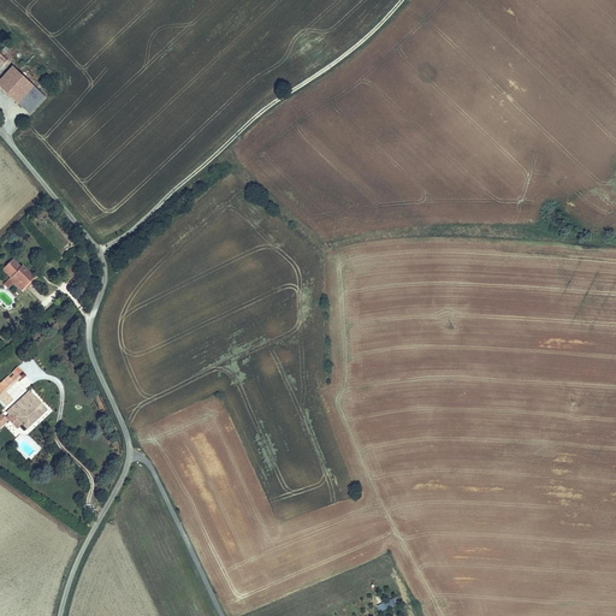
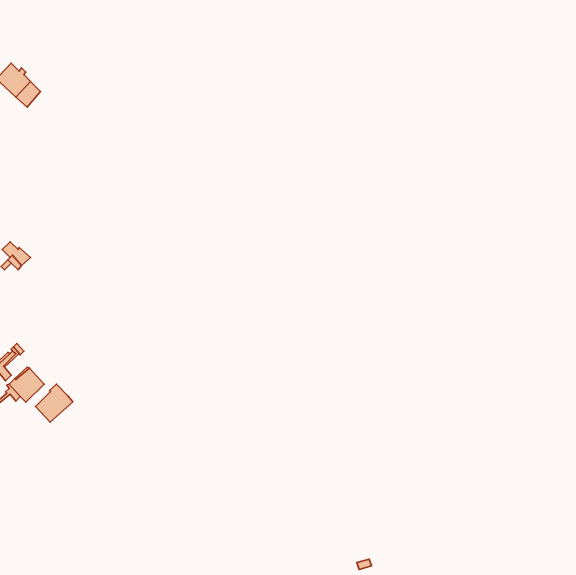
building: none -> [36,384,73,422]

